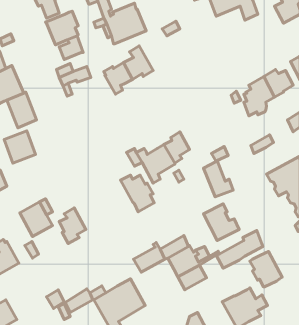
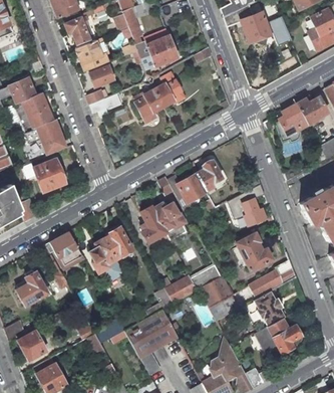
building: none -> [140,207,165,243]
building: none -> [104,226,132,259]
building: [250,251,282,287] -> [253,290,286,327]

